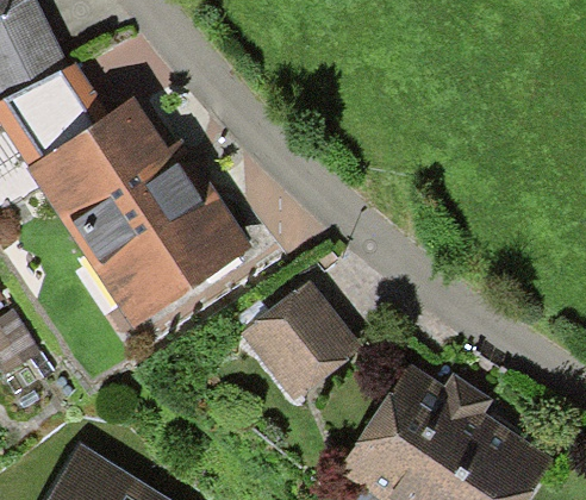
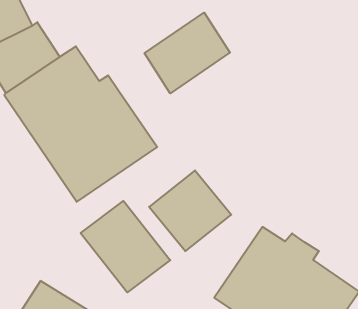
building: none -> [144,13,230,93]
building: none -> [81,201,170,292]

